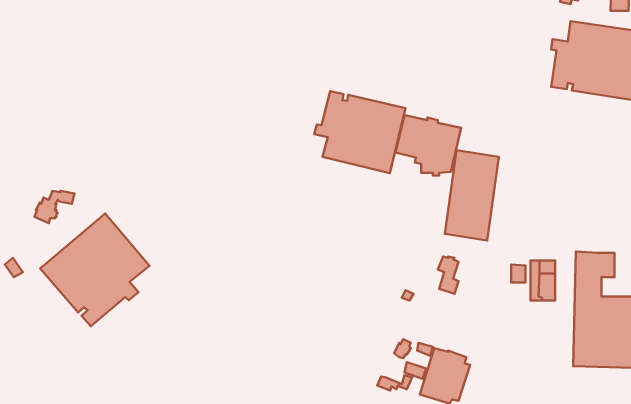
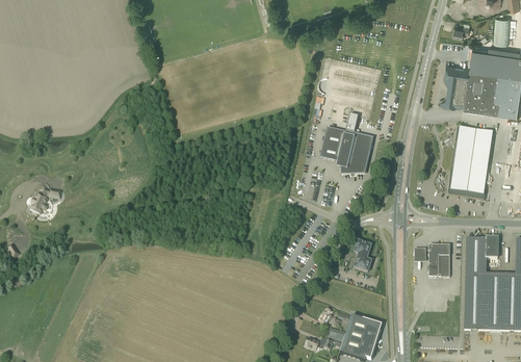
building: [314,91,406,173] -> none
building: [445,150,499,240] -> [450,125,494,198]
building: [40,213,149,326] -> none

